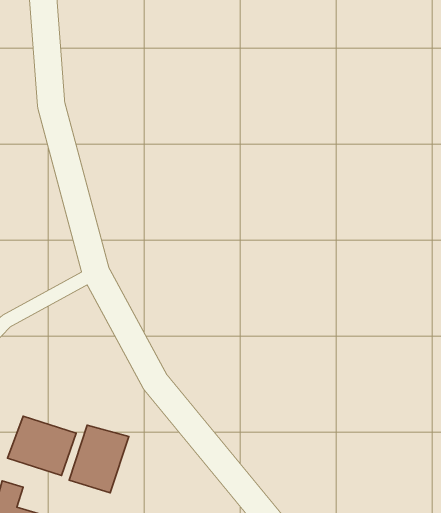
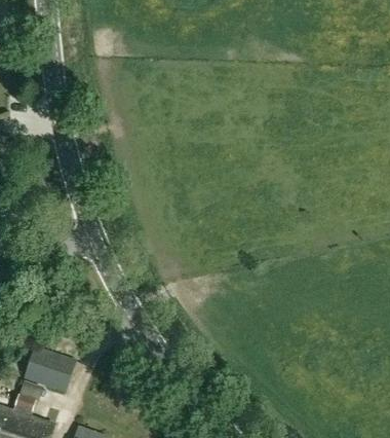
building: [69,425,129,493] -> none

